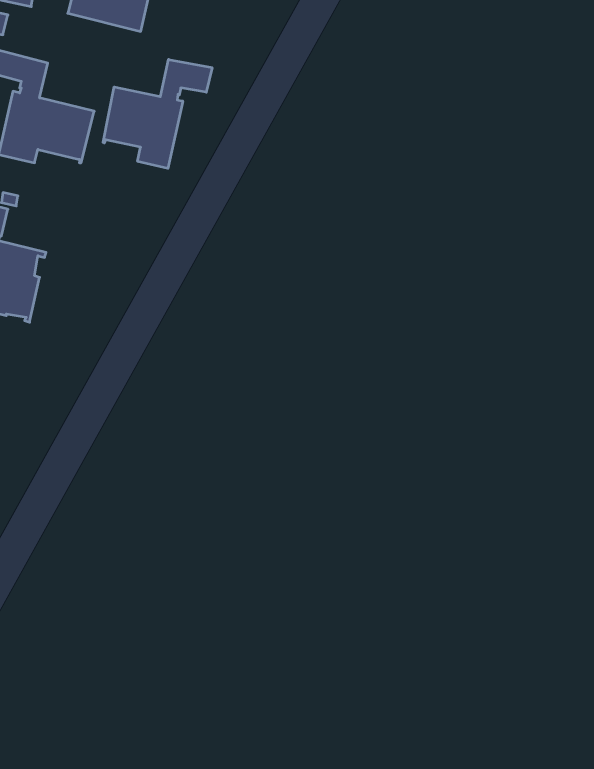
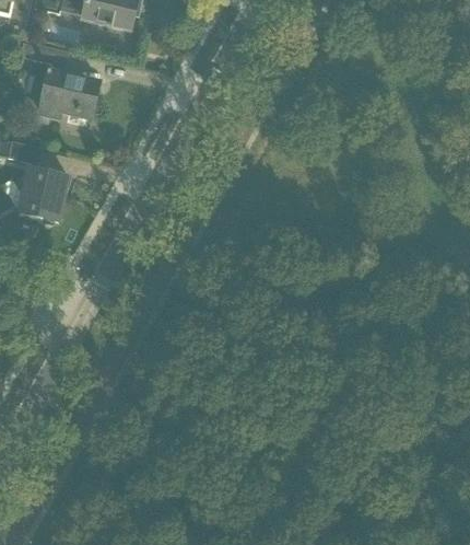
building: [103,59,212,168] -> none

